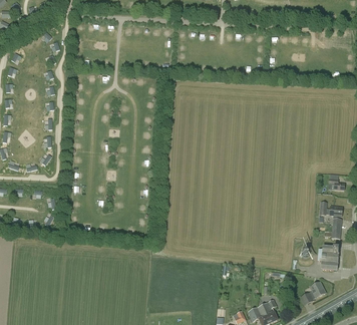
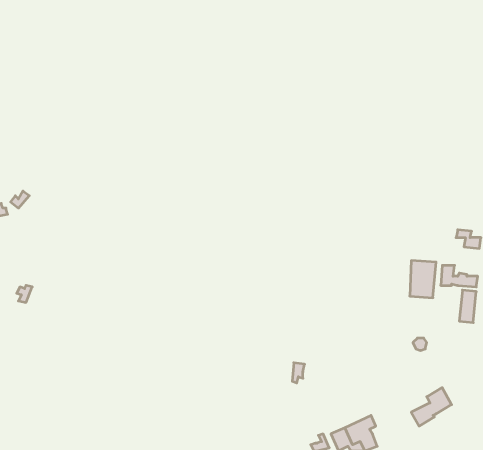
building: [321,246,338,270] -> [410,261,436,298]

